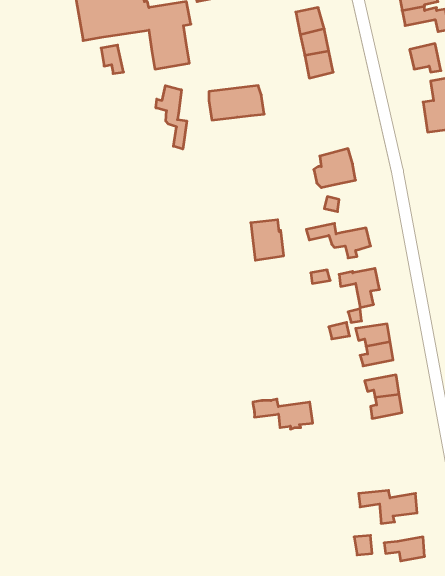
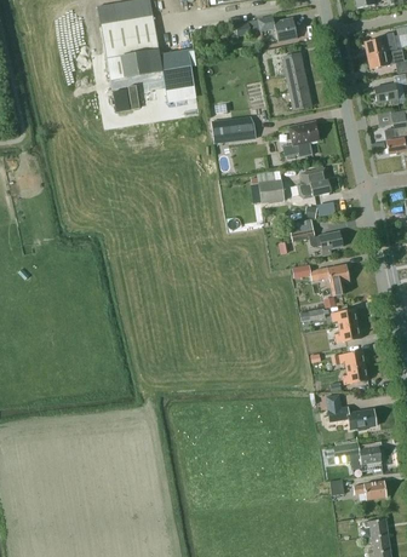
building: [156,86,187,149] -> none
building: none -> [282,120,319,156]
building: [251,220,284,260] -> [257,170,283,202]
building: [253,399,313,429] -> [327,406,376,430]

